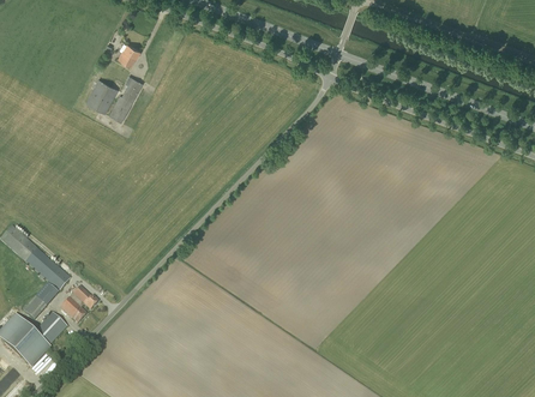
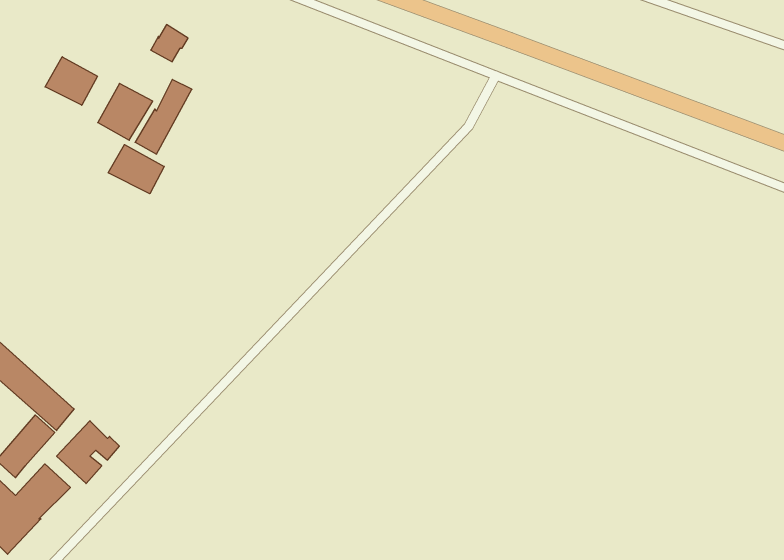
building: none -> [45,57,97,105]
building: none -> [108,145,164,194]

